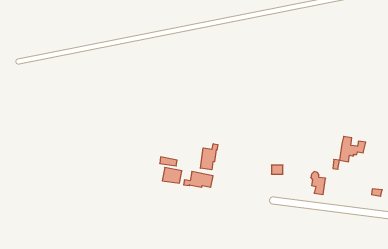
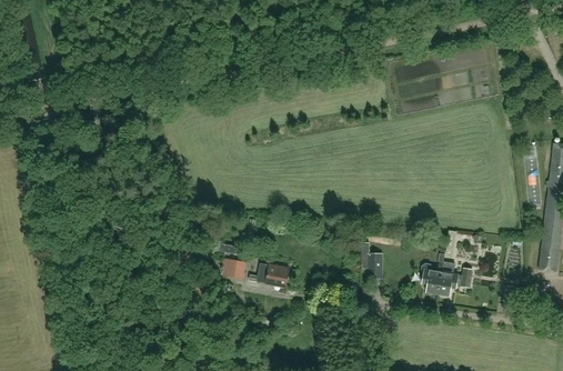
building: [340,136,366,162] -> [438,262,473,297]
building: [200,144,218,170] -> none

